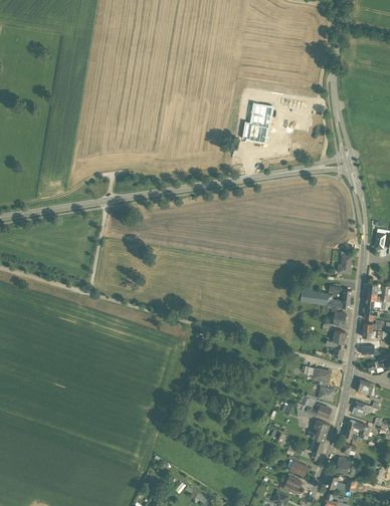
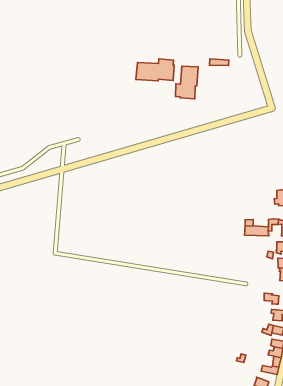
building: none -> [136,59,174,81]

